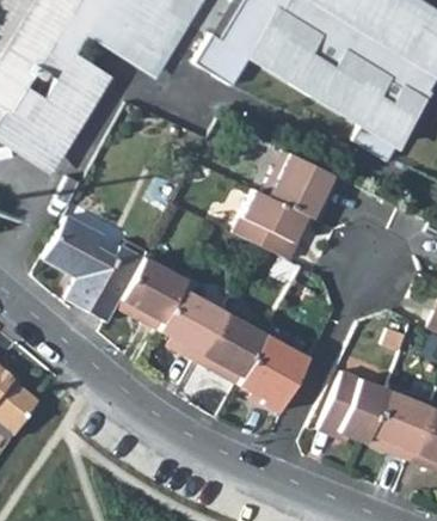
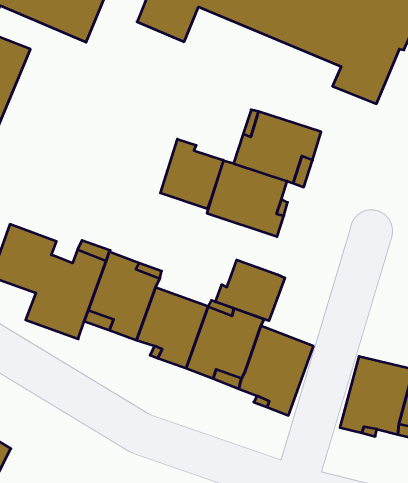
building: none -> [160,139,223,209]
building: none -> [215,260,285,321]

